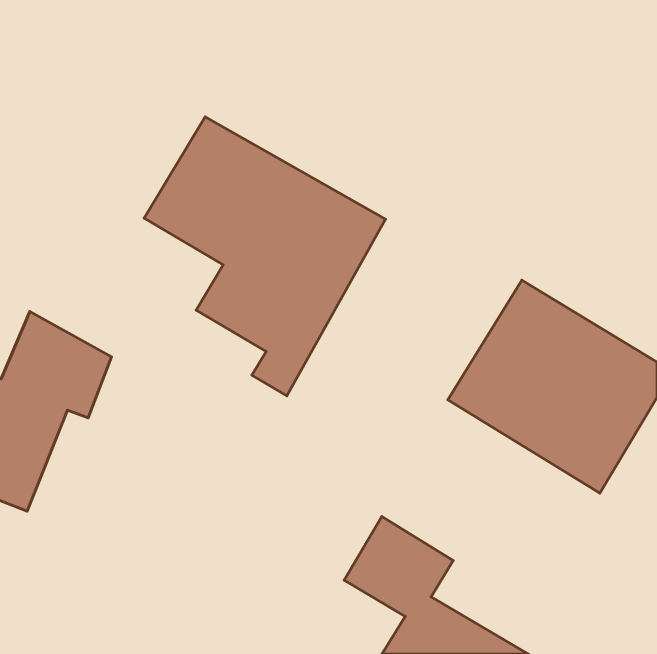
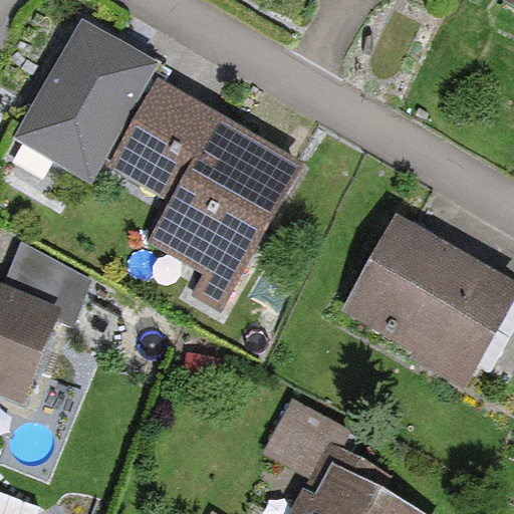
building: none -> [18,29,159,183]

